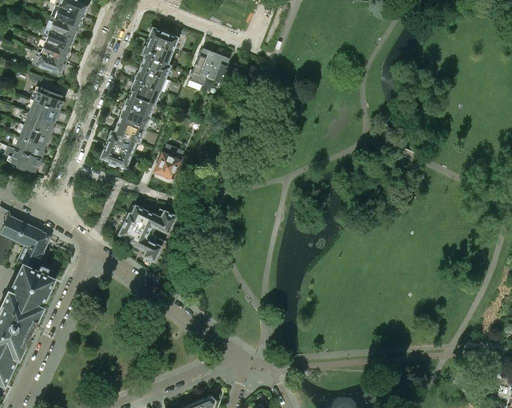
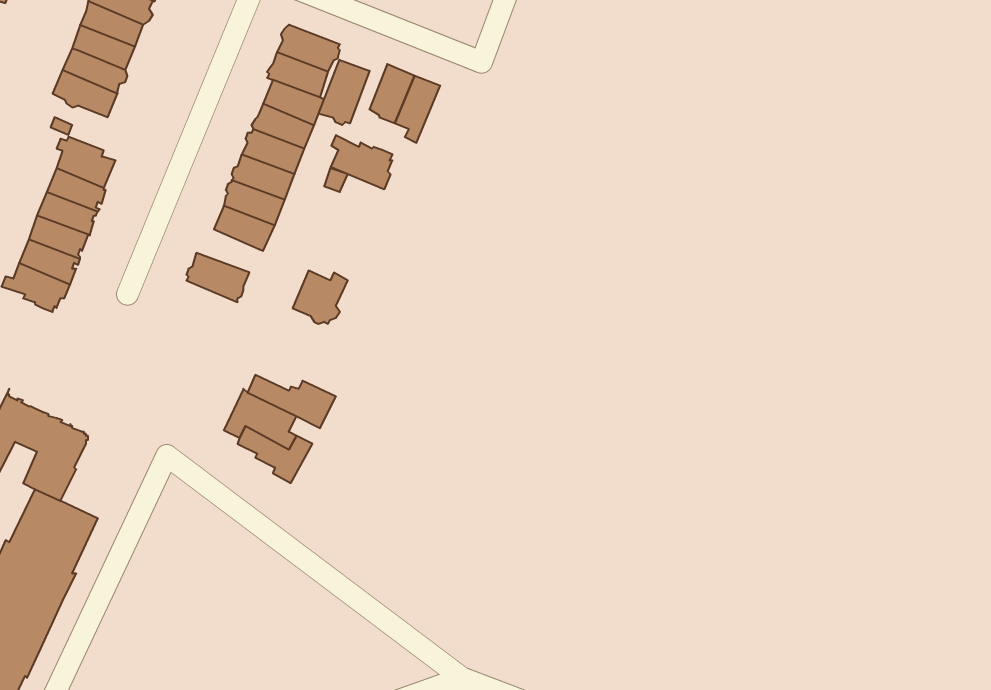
building: none -> [319,60,370,125]
building: none -> [331,135,392,189]
building: [105,131,137,154] -> none

